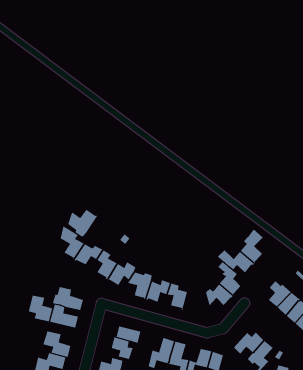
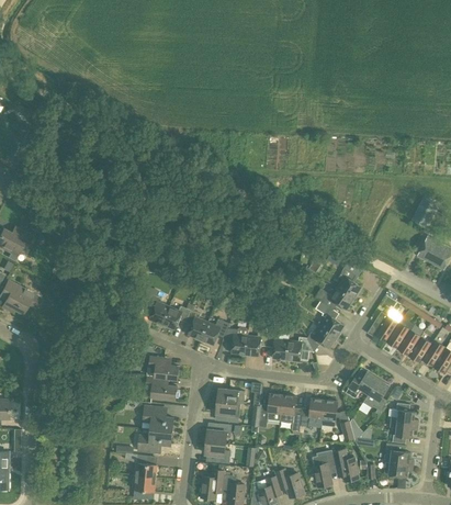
building: [67,209,98,237] -> none
building: none -> [286,337,314,361]
building: [28,295,53,322] -> none

